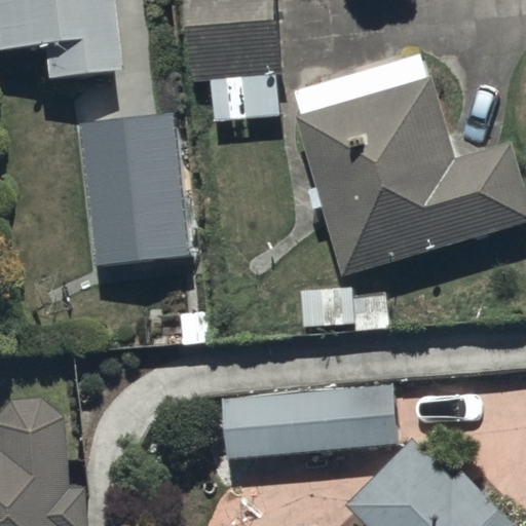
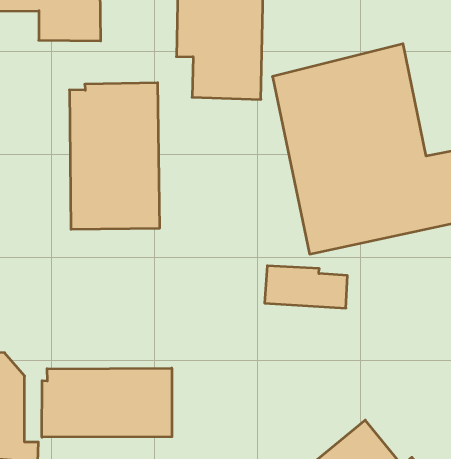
building: [223,384,398,459] -> none
building: none -> [42,368,172,437]

